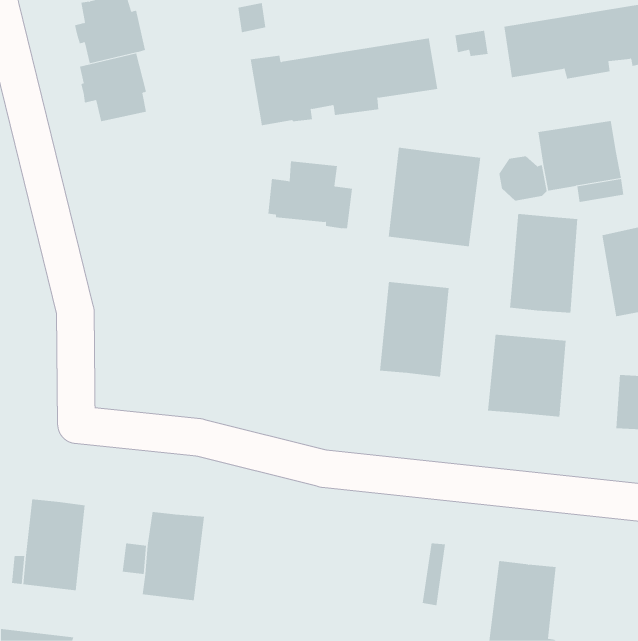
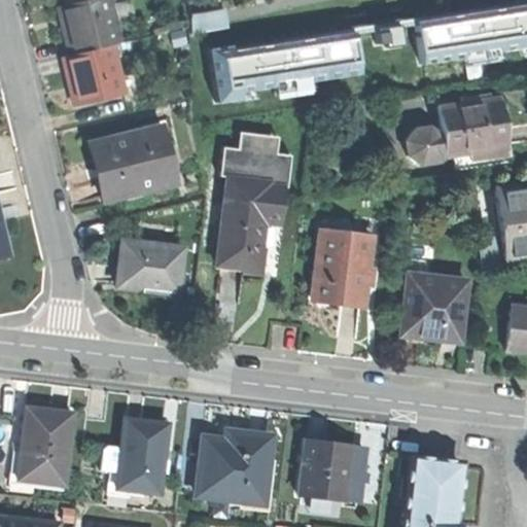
building: [388,147,481,247] -> none
building: none -> [94,125,177,199]
building: [510,213,578,313] -> none
building: none -> [219,178,284,270]
building: none -> [120,241,183,293]
building: none -> [200,431,274,500]
building: none -> [300,442,350,499]

